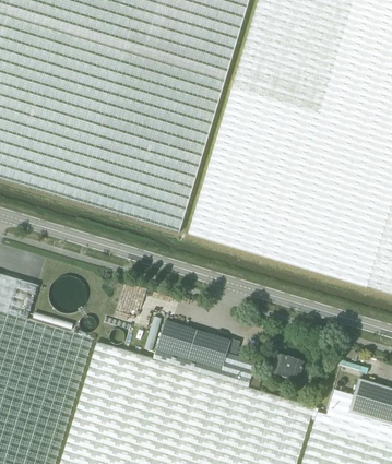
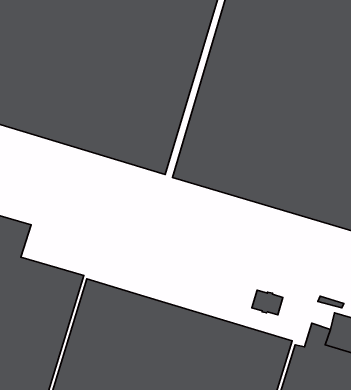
building: [154,319,257,388] -> none

